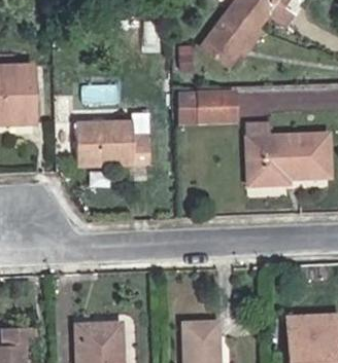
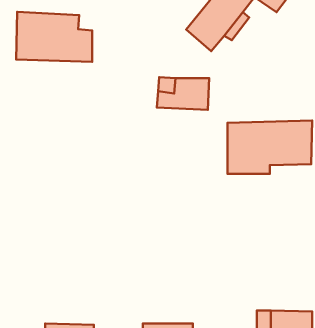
building: [71,118,143,166] -> [16,12,92,62]

